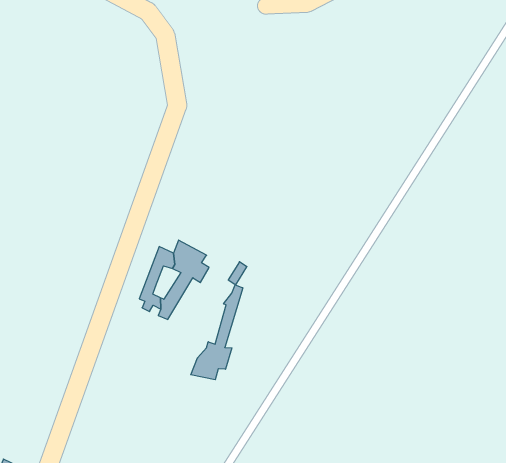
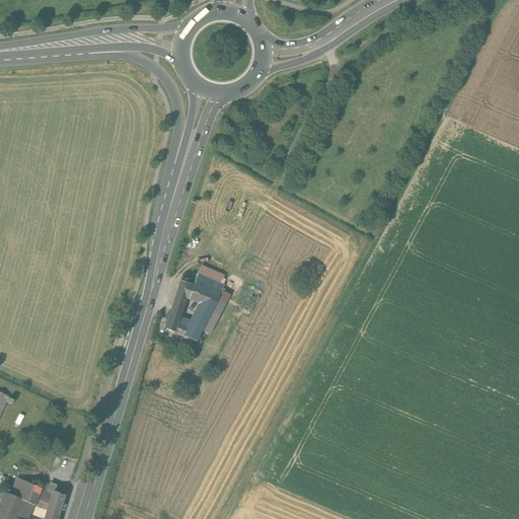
building: [191,285,243,380] -> none

